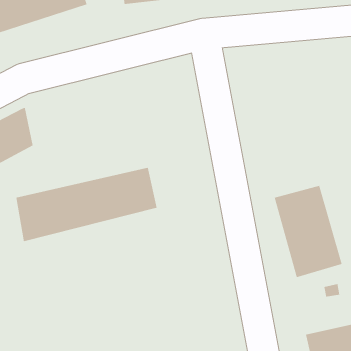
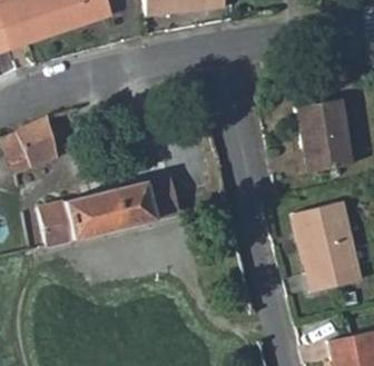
building: none -> [295,100,352,174]

